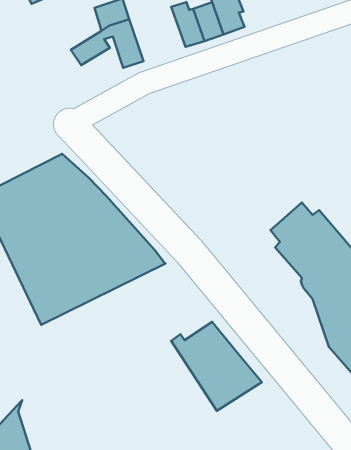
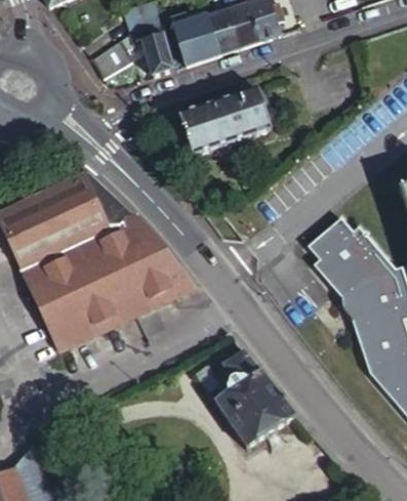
building: none -> [169,11,217,67]
building: none -> [179,89,275,162]

